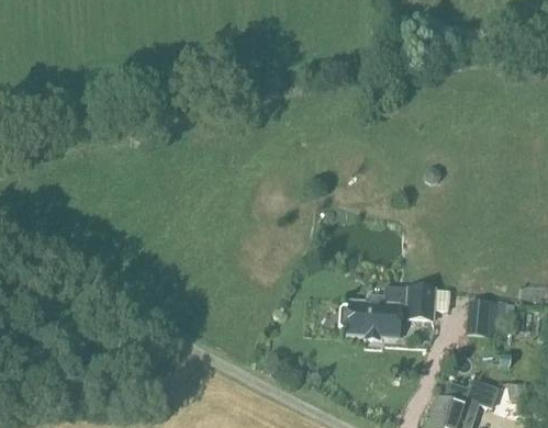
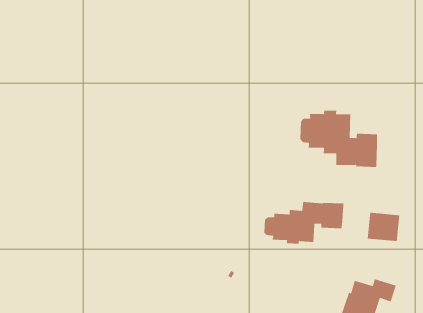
building: none -> [300,110,378,168]

